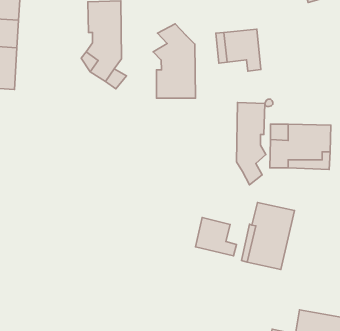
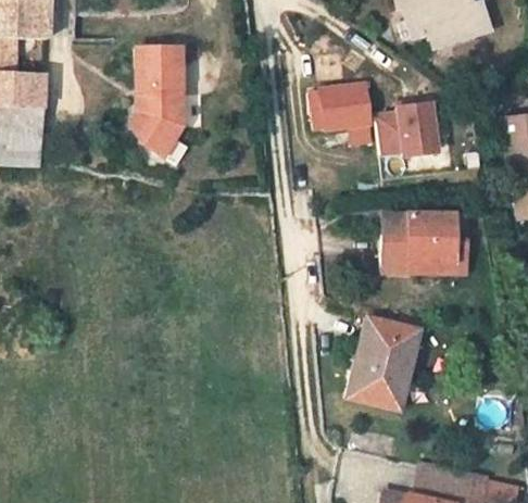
building: [153,24,196,98] -> none
building: none -> [377,101,440,155]
building: [236,102,266,185] -> none
building: [196,218,236,256] -> none

